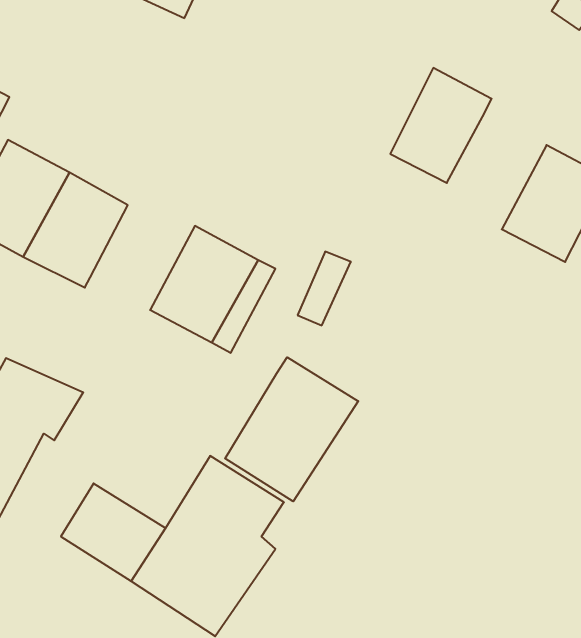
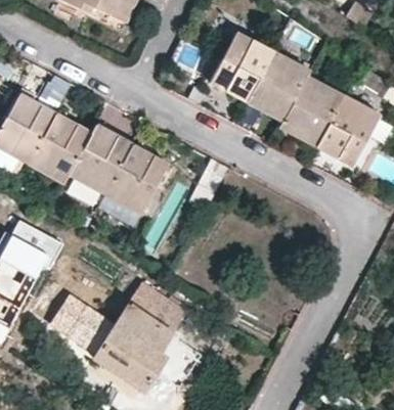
building: none -> [210,31,274,101]
building: none -> [278,77,342,146]
building: none -> [70,125,132,194]
building: [225,357,358,501] -> none

